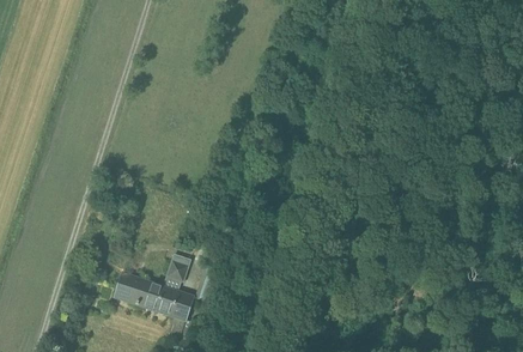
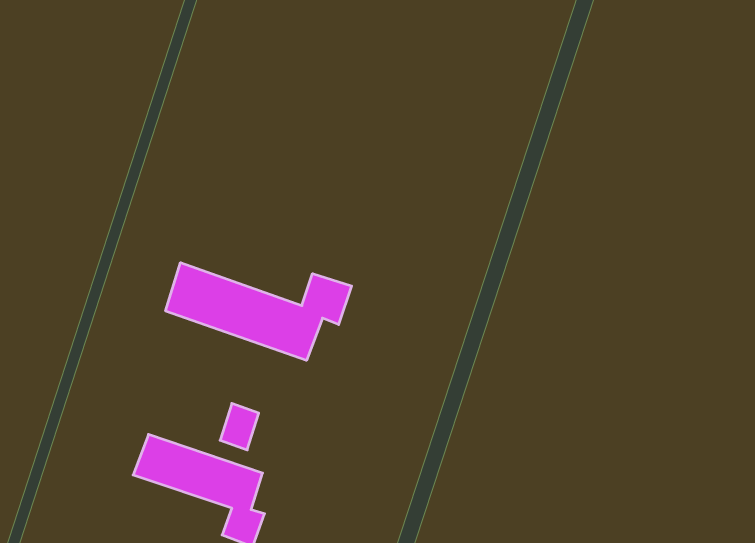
building: none -> [166,263,352,360]

